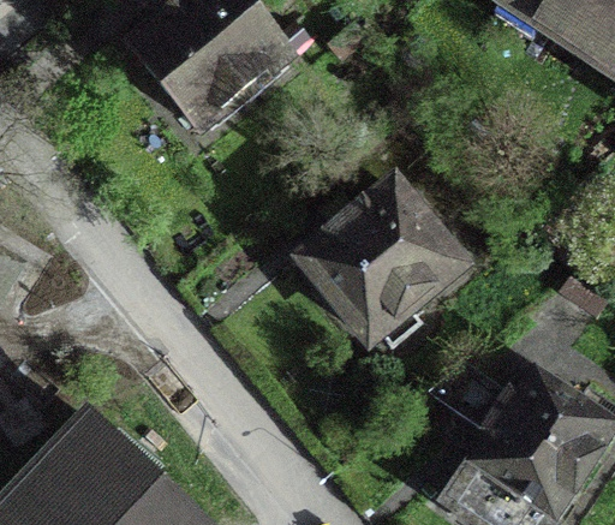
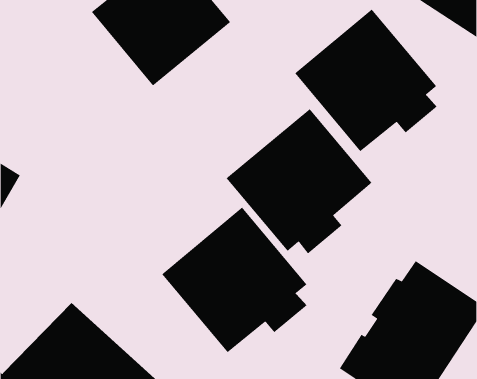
building: none -> [294,8,438,152]
building: none -> [161,207,308,353]

